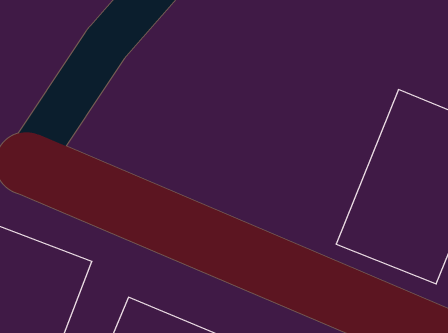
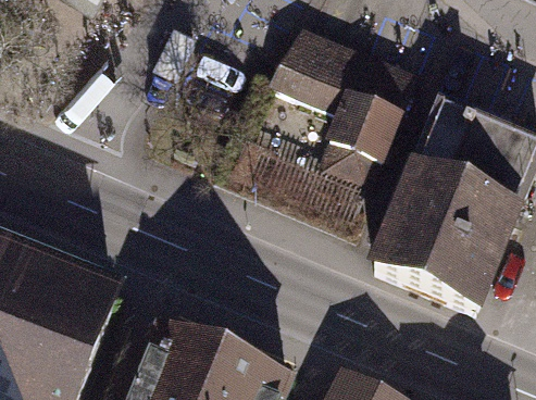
building: none -> [265,22,411,159]

